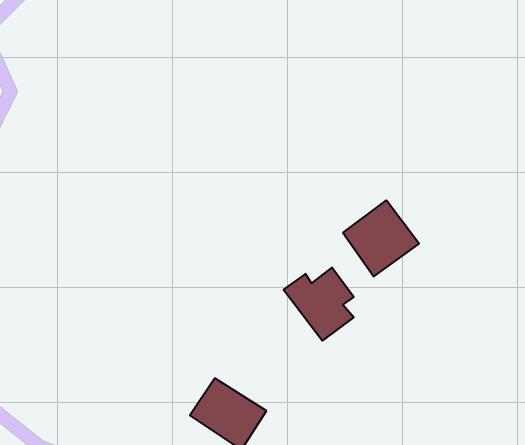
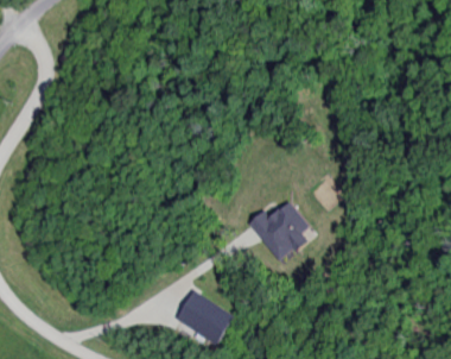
building: [343,200,419,277] -> none

